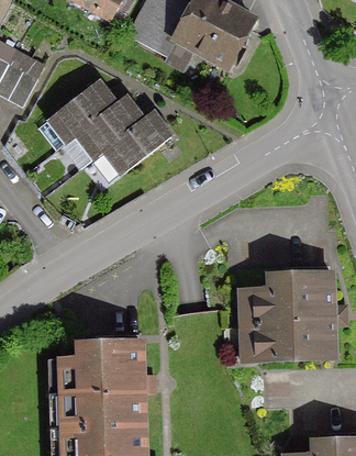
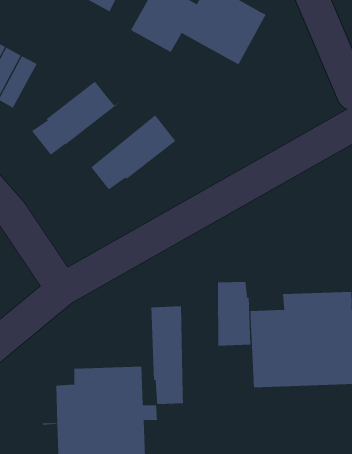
building: [70,96,152,155] -> none
building: none -> [217,281,251,347]
building: none -> [151,306,183,405]

